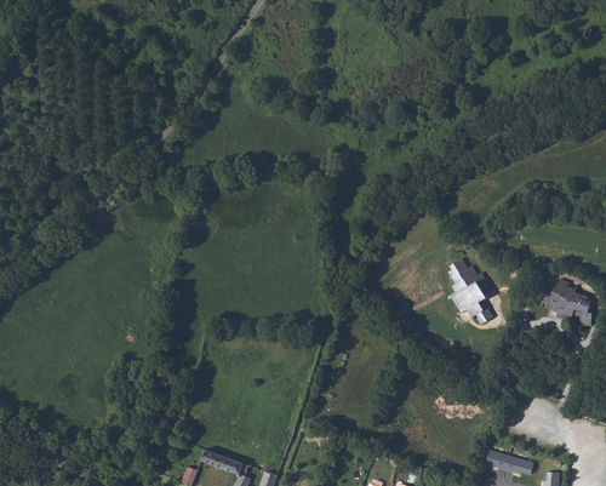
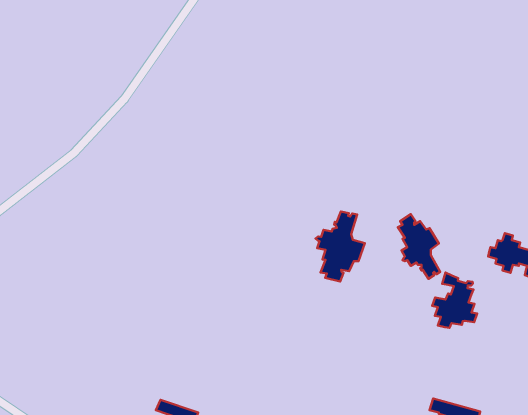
building: none -> [316,211,365,281]
building: none -> [432,273,477,328]

